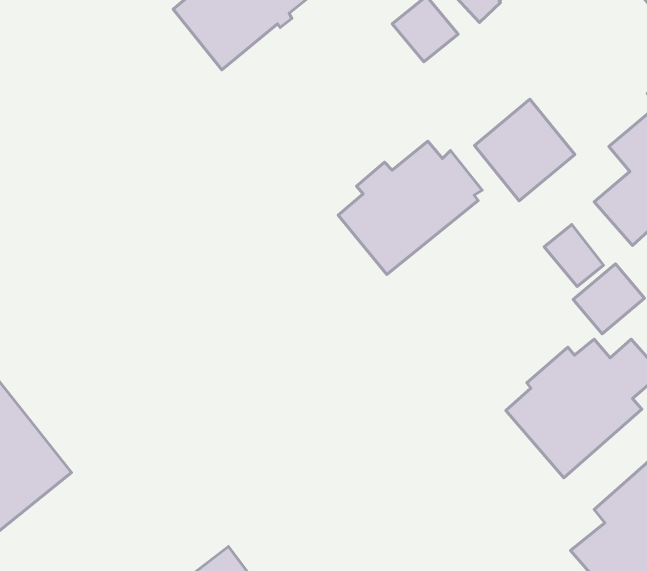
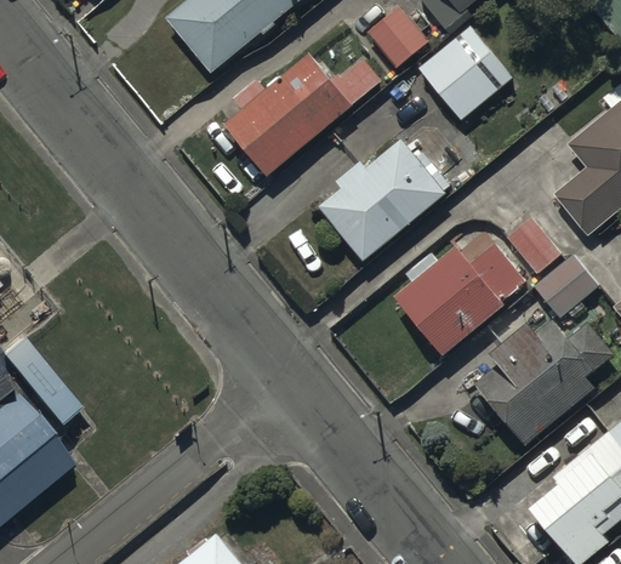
building: none -> [224,57,380,177]
building: [474,99,575,201] -> [421,19,513,113]
building: none -> [395,241,526,357]

